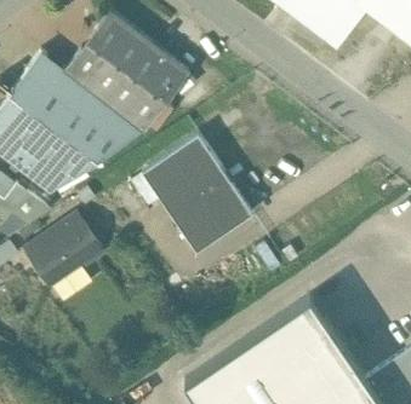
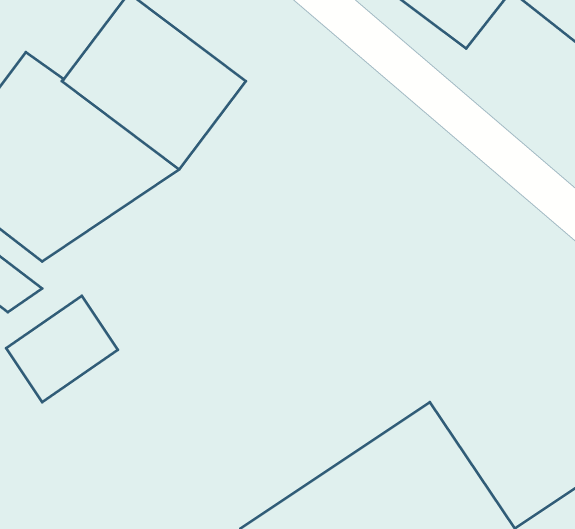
building: [142,135,252,253] -> none

